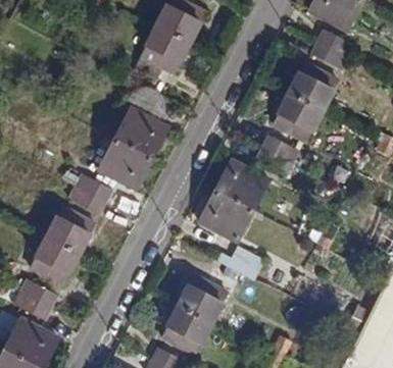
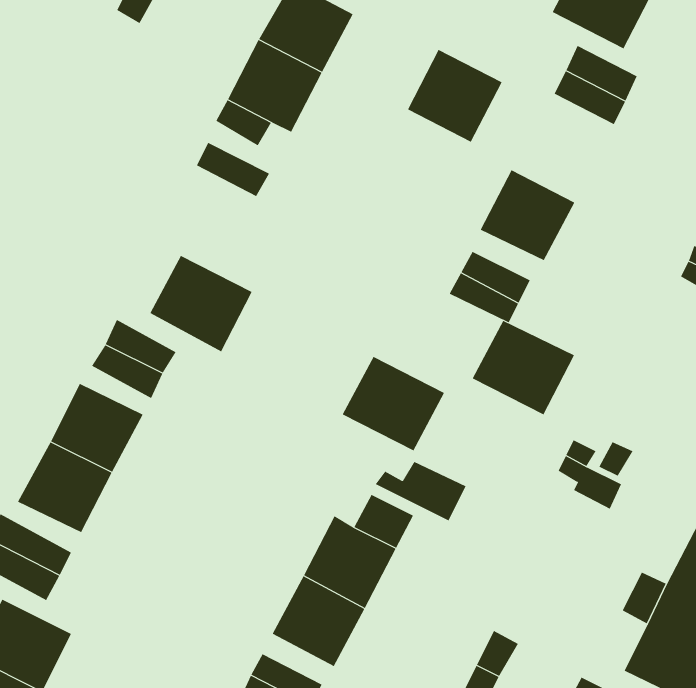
building: [288,62,338,111] -> [407,49,502,143]
building: [114,107,168,158] -> none
building: [215,161,269,211] -> [472,320,575,415]

